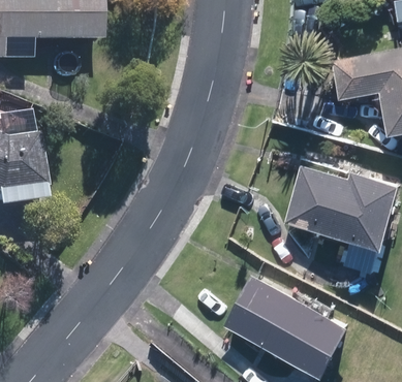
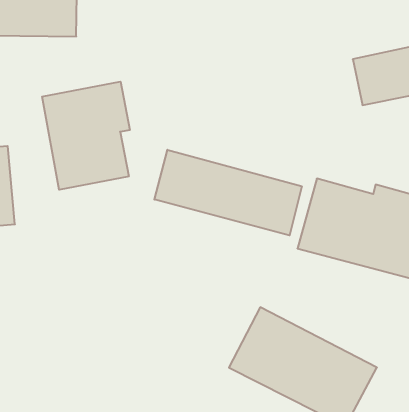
building: none -> [42,82,130,190]
building: none -> [154,150,302,235]

